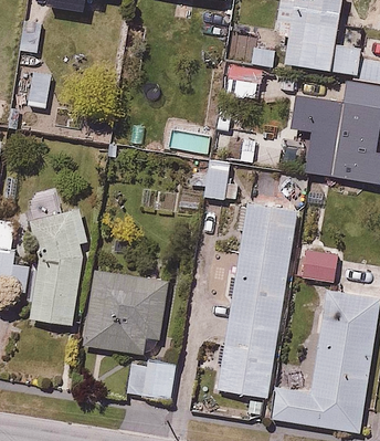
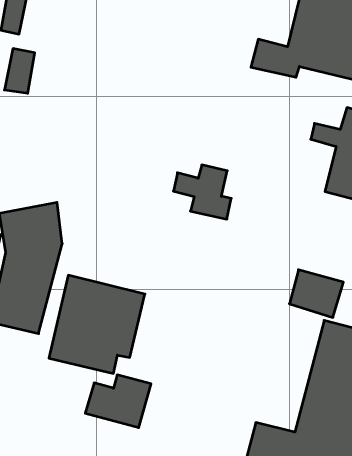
building: [213,203,296,400] -> none

